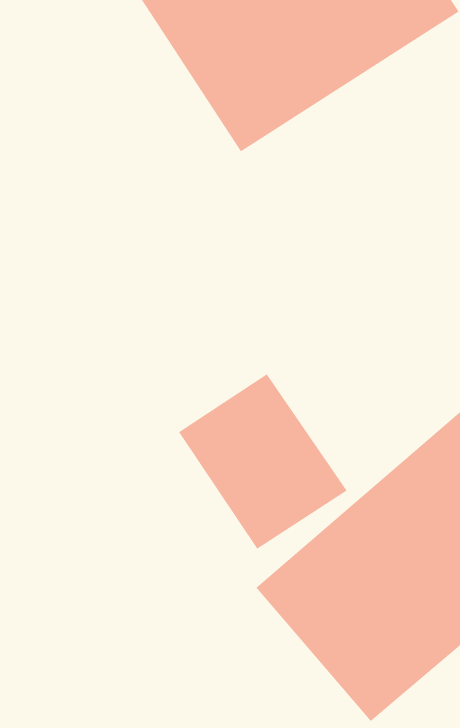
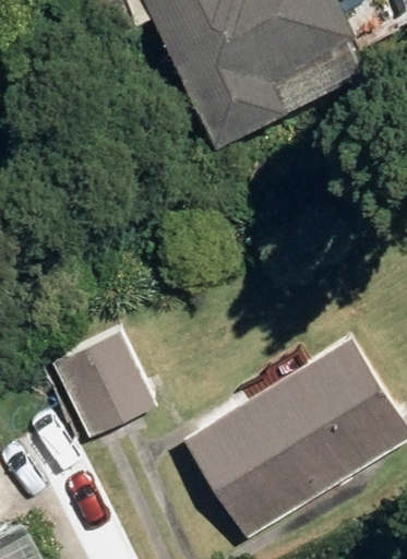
building: [178,373,347,549] -> [49,323,157,440]

